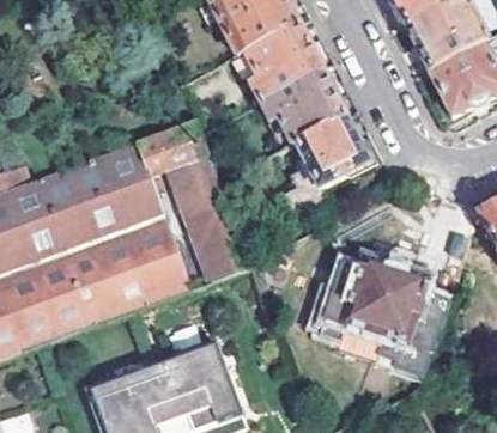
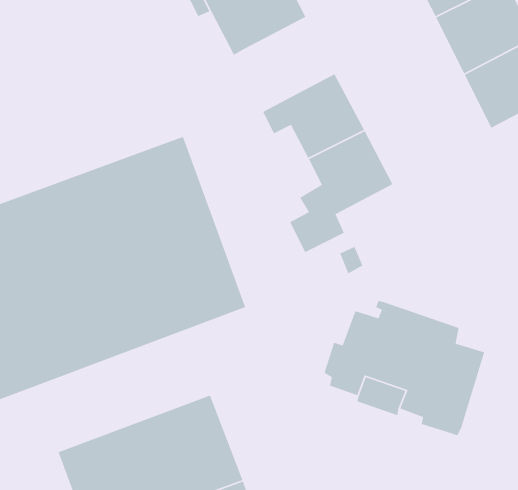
building: [243,22,320,100] -> none

